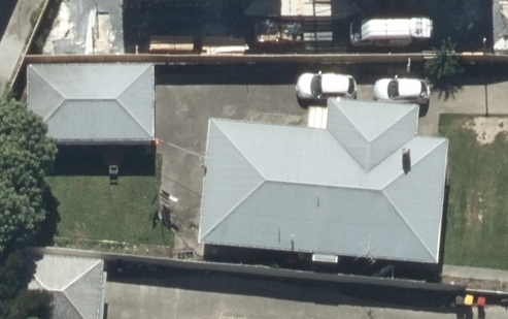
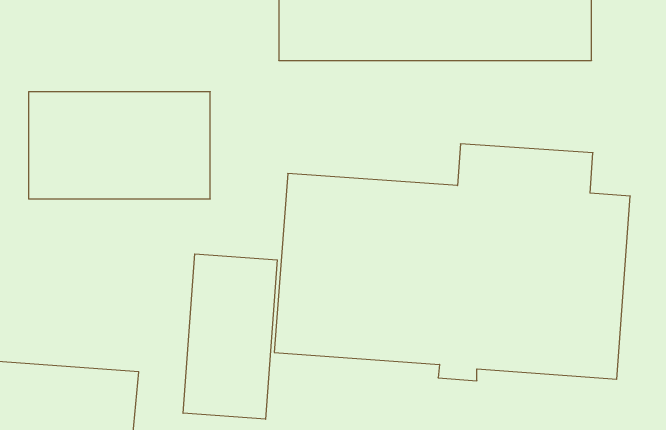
building: none -> [183,254,277,419]

